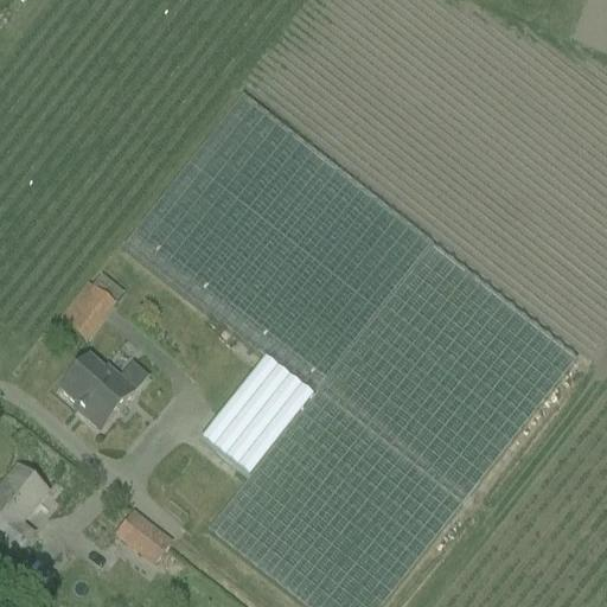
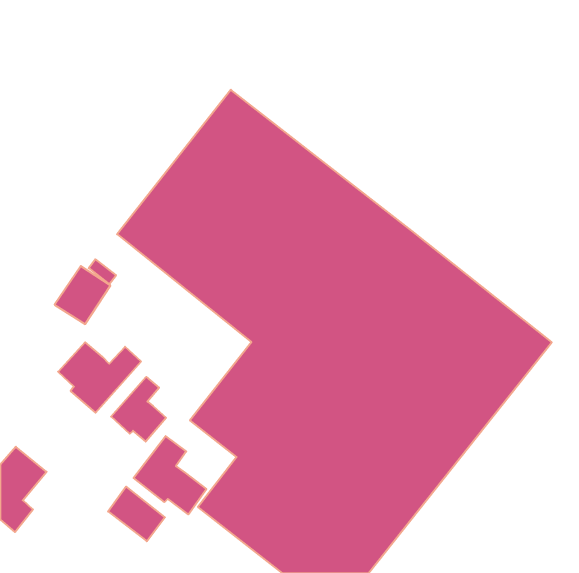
building: none -> [111,377,166,442]
building: none -> [134,436,206,514]

